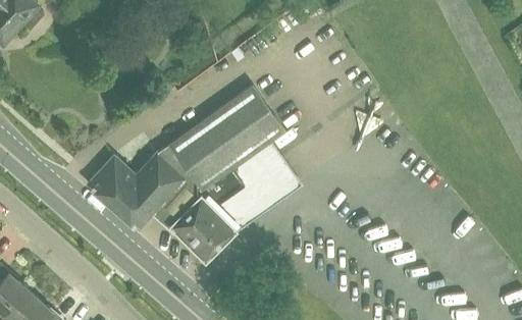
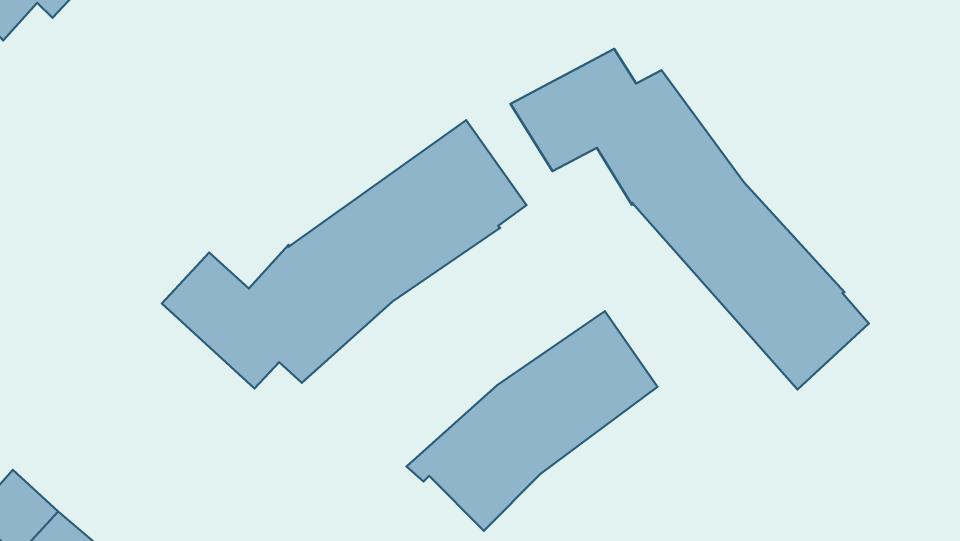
building: none -> [510,49,869,389]
building: [164,144,300,262] -> [406,311,658,531]

